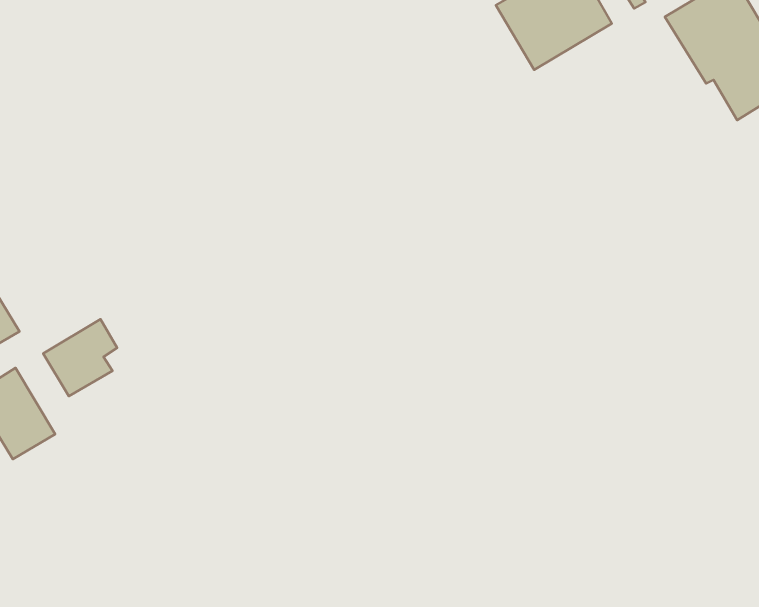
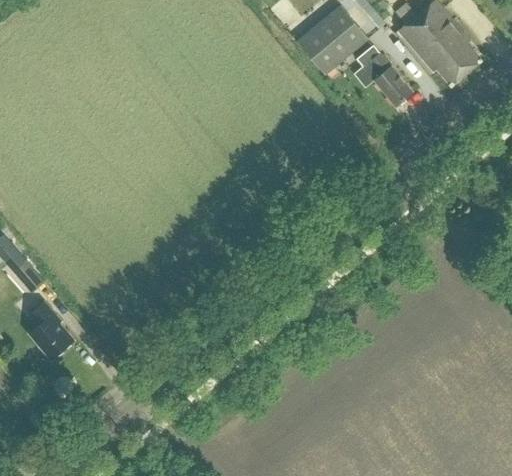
building: none -> [357,47,412,107]
building: [43,319,117,396] -> none

